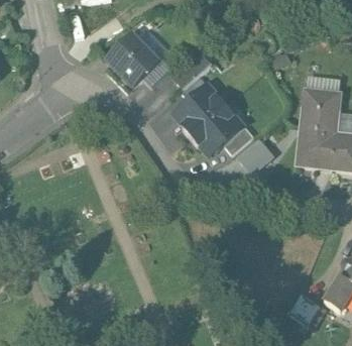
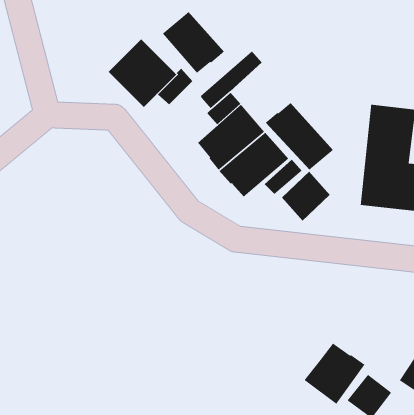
building: none -> [162,11,225,74]
building: none -> [265,102,334,171]
building: none -> [304,342,365,405]

